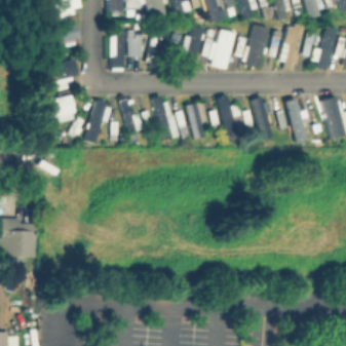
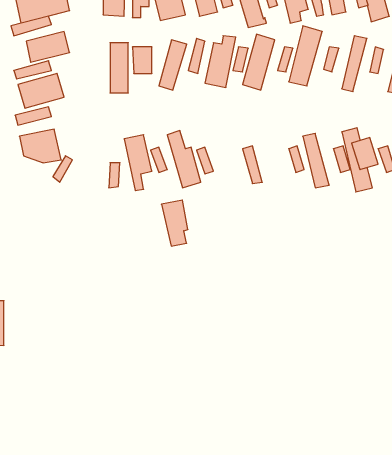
building: [219,98,242,141] -> none
building: [84,104,113,143] -> none
building: [188,106,207,140] -> [161,200,188,246]

